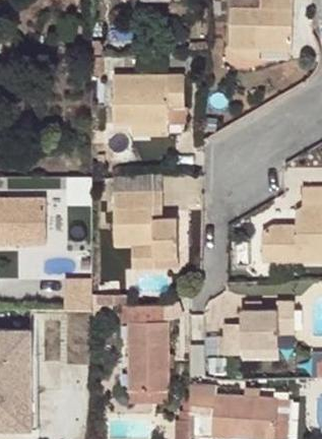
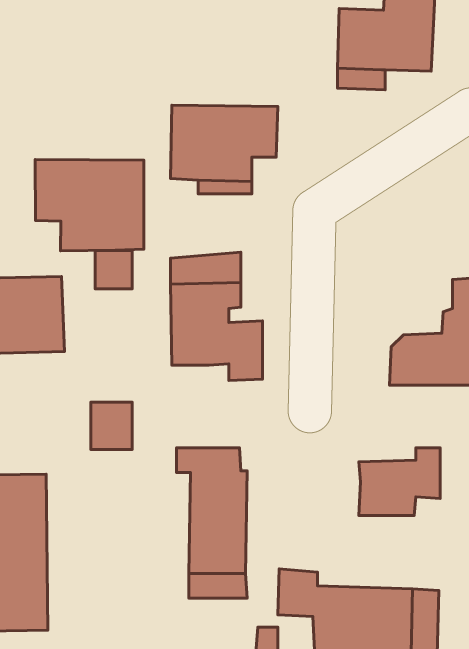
building: none -> [35,159,144,251]
building: [130,248,178,272] -> none
building: [216,326,278,358] -> none

